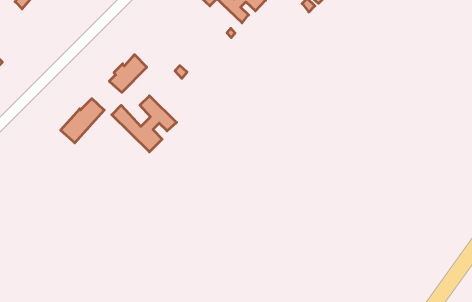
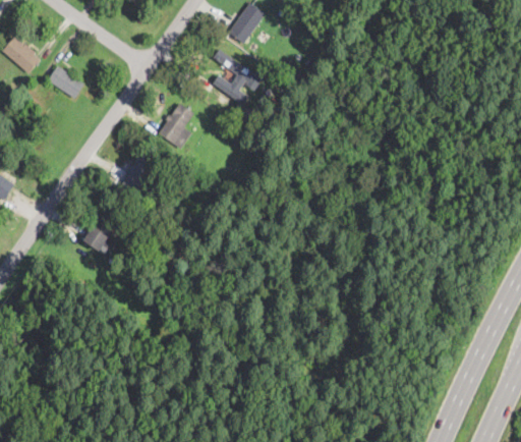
building: none -> [158,103,193,149]
building: [112,96,177,152] -> none

